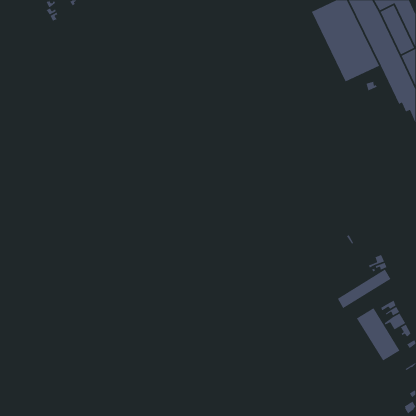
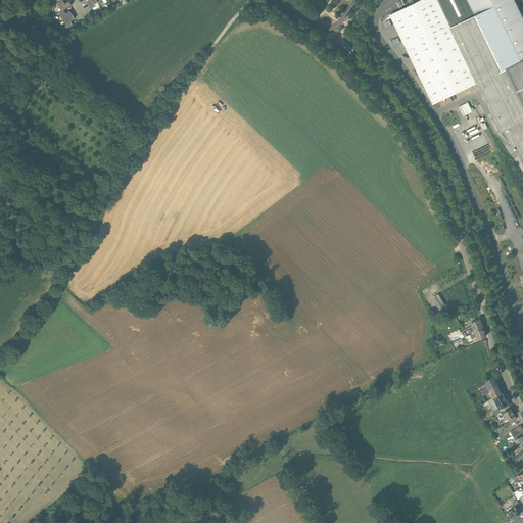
building: [337,269,391,309] -> none
building: [356,307,401,361] -> none

